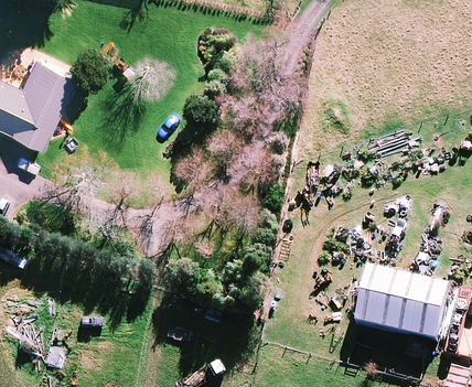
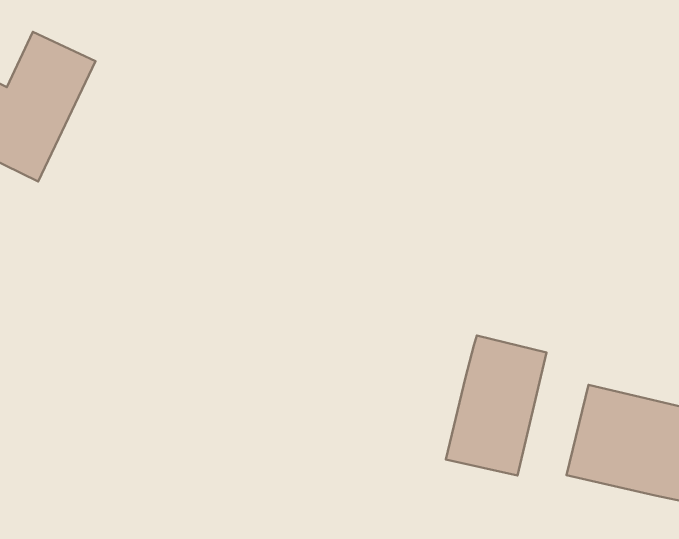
building: none -> [446,336,546,476]

